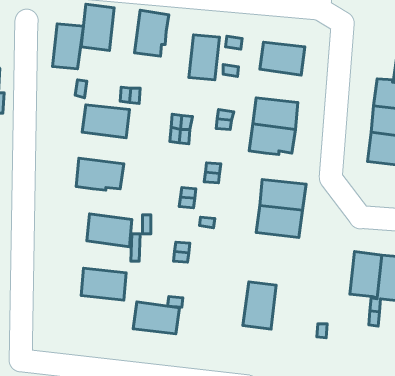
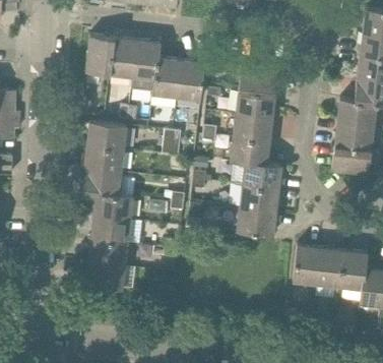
building: [53,24,83,69] -> [110,38,136,76]
building: none -> [151,58,182,98]
building: none -> [236,90,274,119]
building: none -> [83,144,124,172]
building: none -> [241,161,280,189]
building: none -> [92,192,132,220]
building: [243,282,276,329] -> [292,244,320,285]
building: [133,302,179,334] -> [87,238,127,265]

